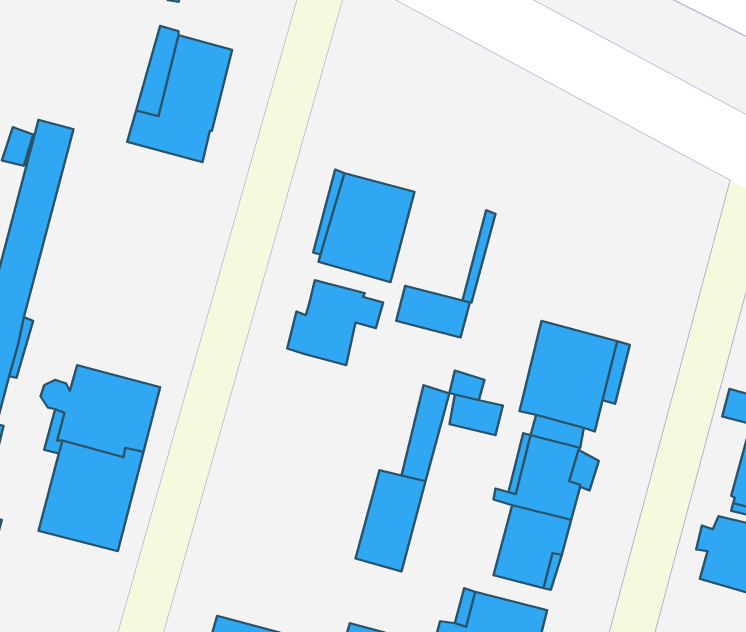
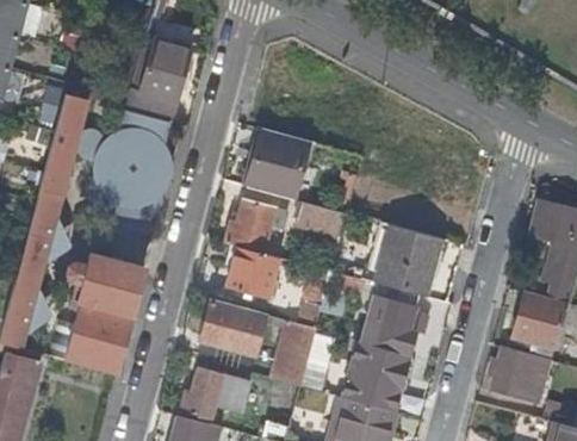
building: none -> [94,111,170,226]
building: none -> [227,247,279,298]
building: none -> [201,302,265,353]
building: none -> [181,368,247,420]

